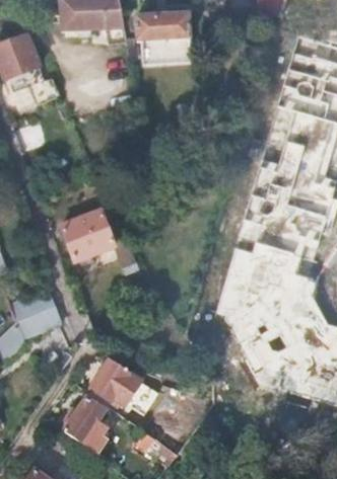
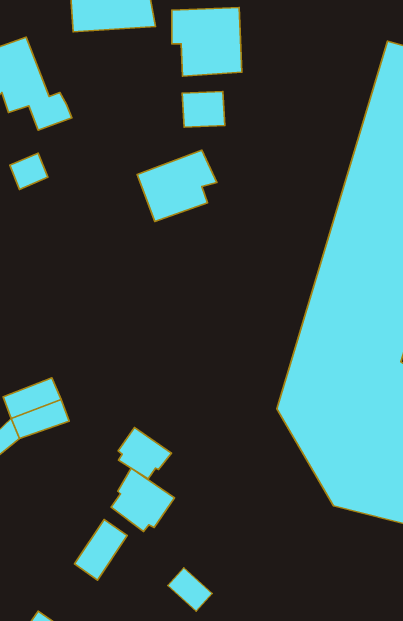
building: none -> [182,92,225,127]
building: [62,207,122,260] -> [137,150,217,222]
building: none -> [118,427,172,479]

